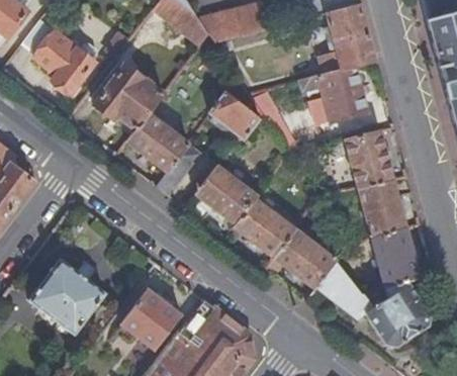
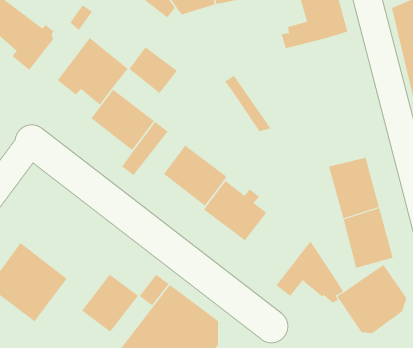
building: [300,64,369,122] -> none
building: [213,93,261,138] -> [128,47,178,94]
building: [344,128,393,187] -> none
building: [277,231,338,288] -> none

